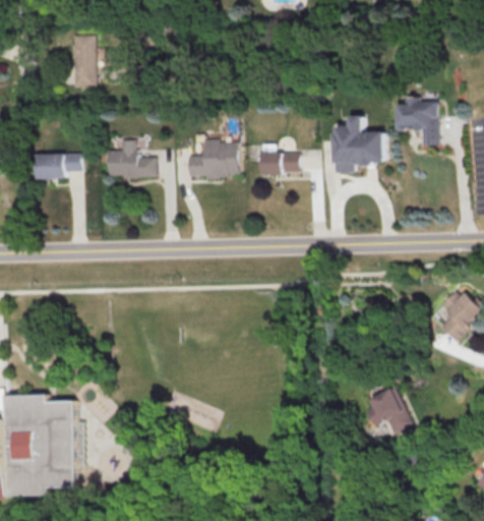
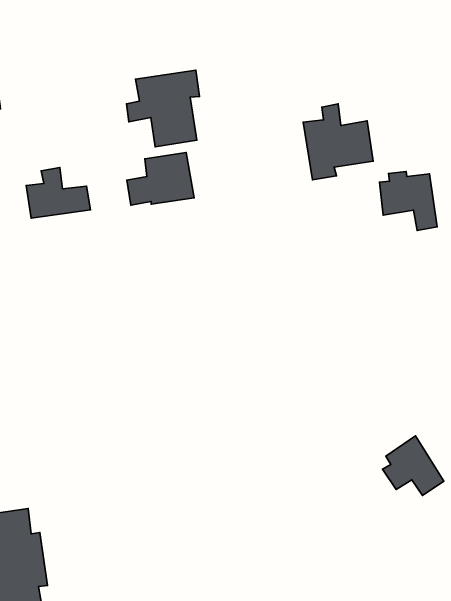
building: none -> [127,70,199,147]
building: [397,98,438,146] -> [379,171,437,230]
building: [261,144,300,174] -> none

